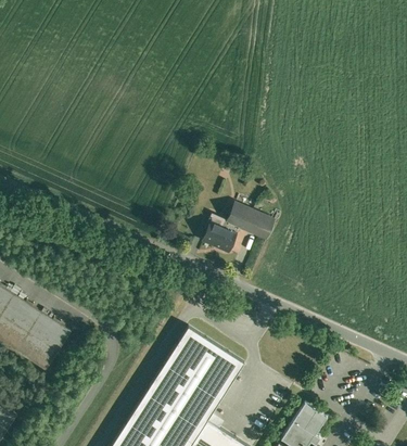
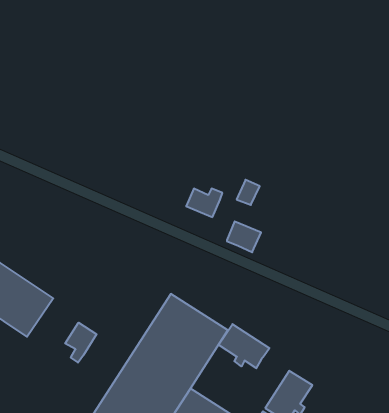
building: [227,204,260,234] -> [227,221,261,252]
building: none -> [65,323,97,363]
building: none -> [218,324,269,368]

